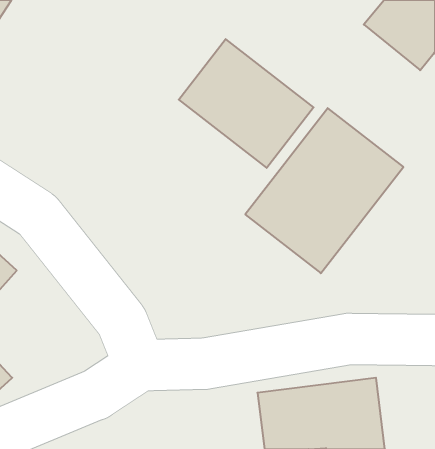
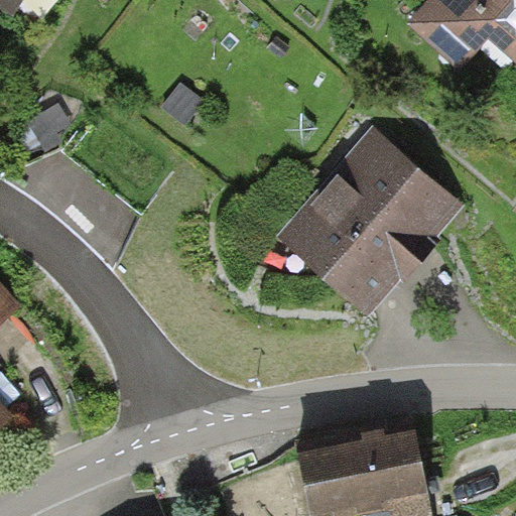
building: [179,39,314,168] -> none

